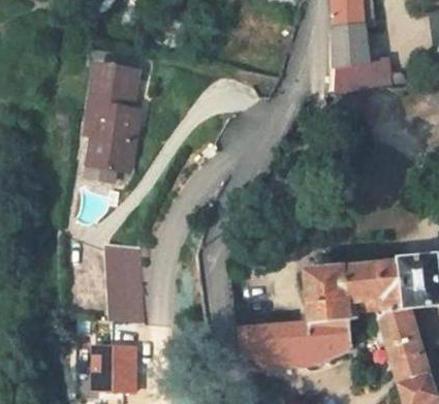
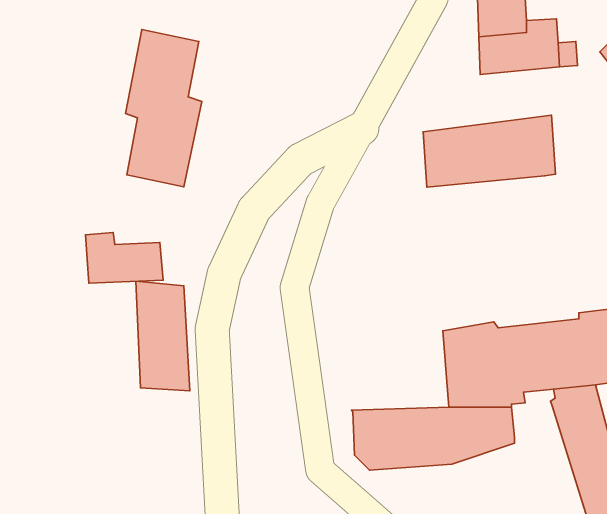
building: none -> [423,115,556,187]
building: none -> [85,232,163,283]
building: [97,343,138,387] -> none

